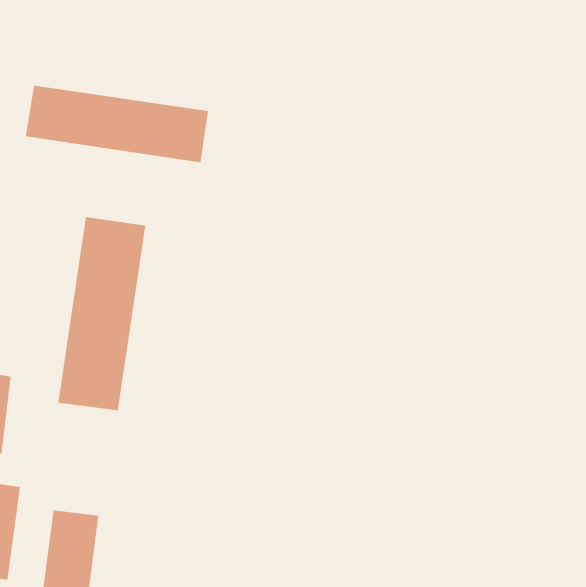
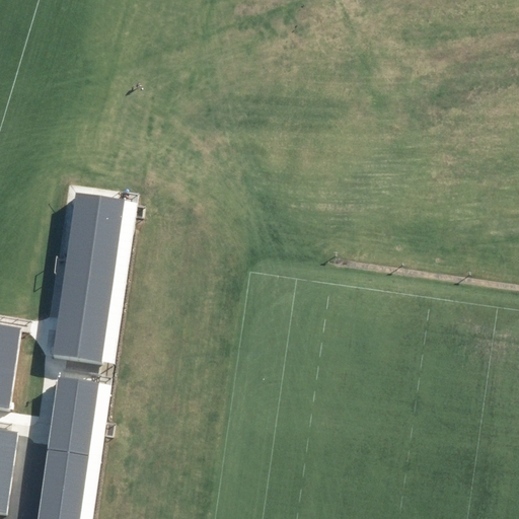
building: [25,85,208,163] -> none
building: none -> [47,376,98,455]

